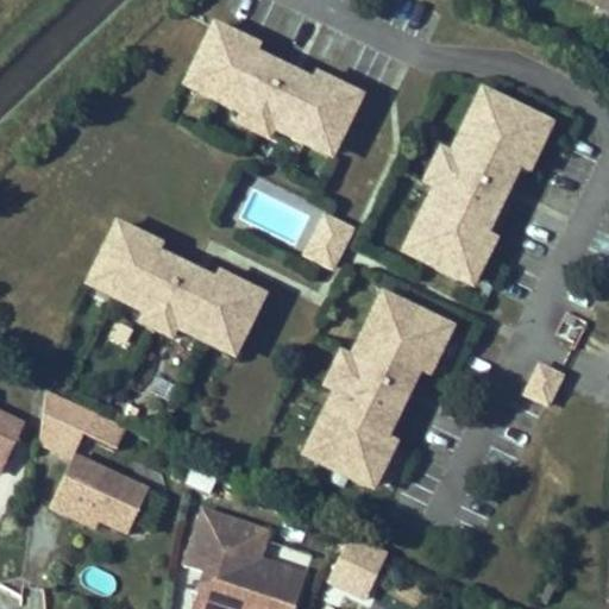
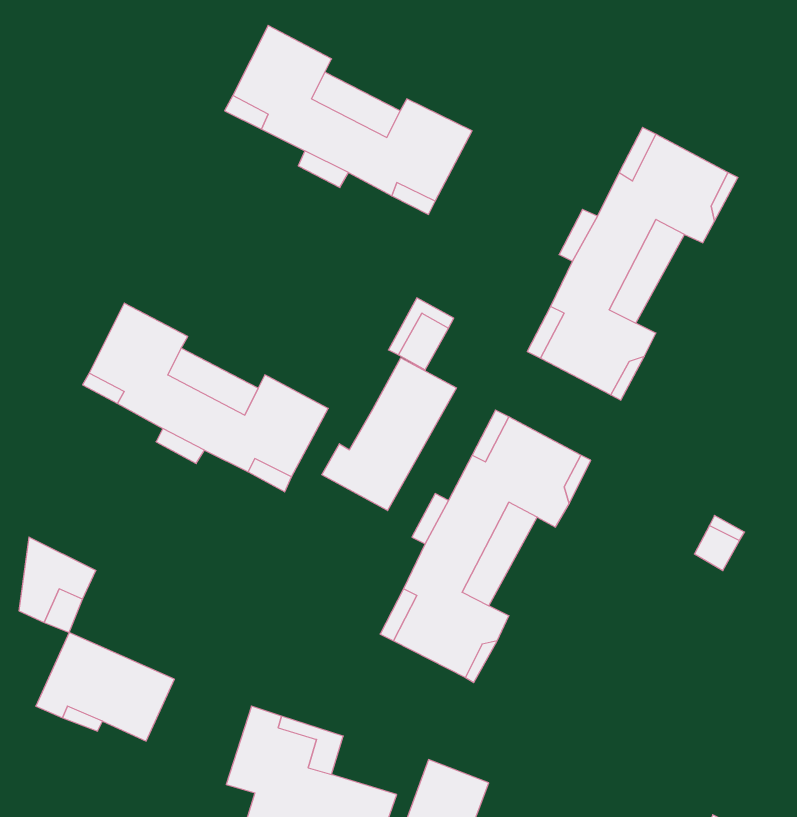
building: none -> [322,358,456,511]

